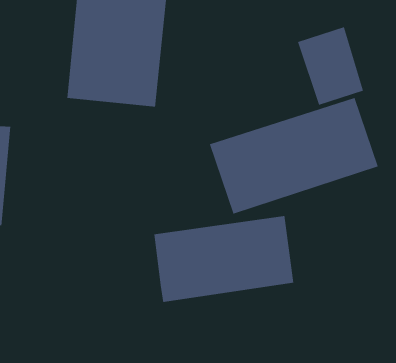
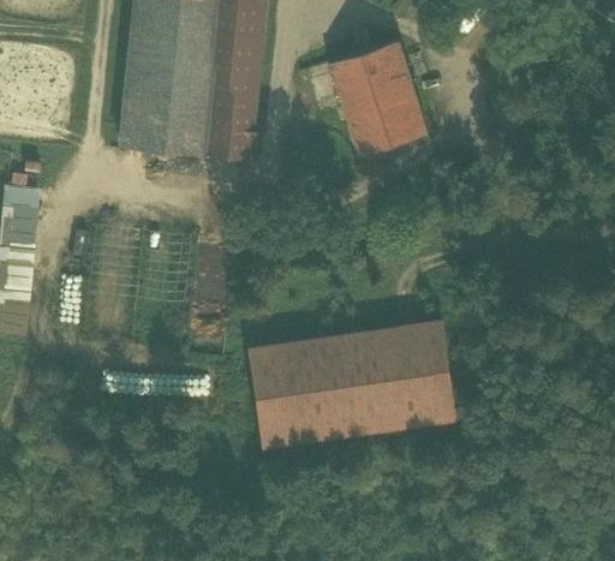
building: [297,26,364,105] -> [328,41,426,157]
building: [209,97,378,215] -> none

